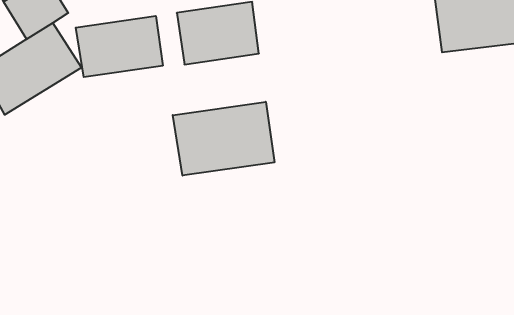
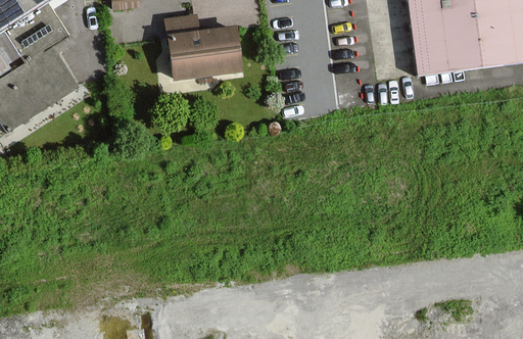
building: [76,16,163,77] -> none
building: [173,102,274,176] -> none

